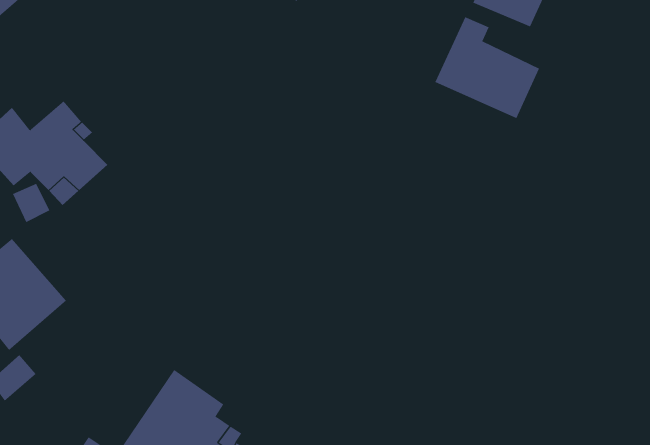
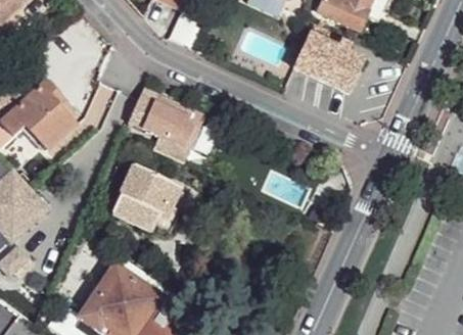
building: none -> [128,92,202,162]
building: none -> [109,165,180,231]

